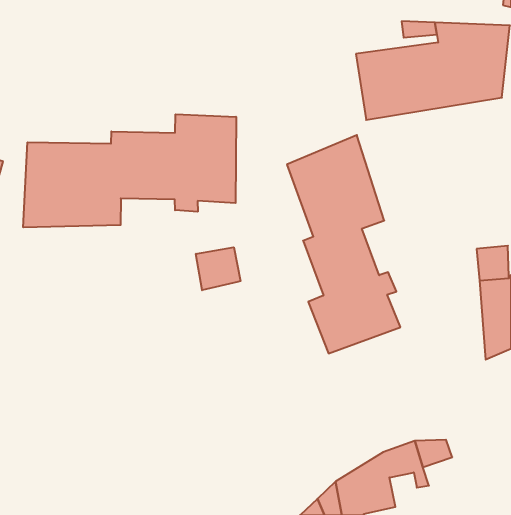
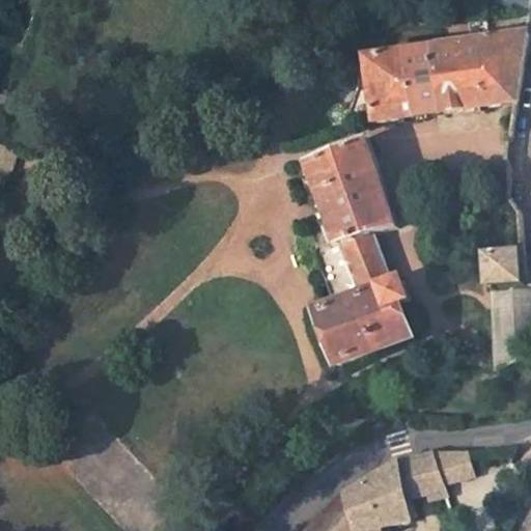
building: [23,114,236,227] -> none
building: [196,247,241,290] -> none

